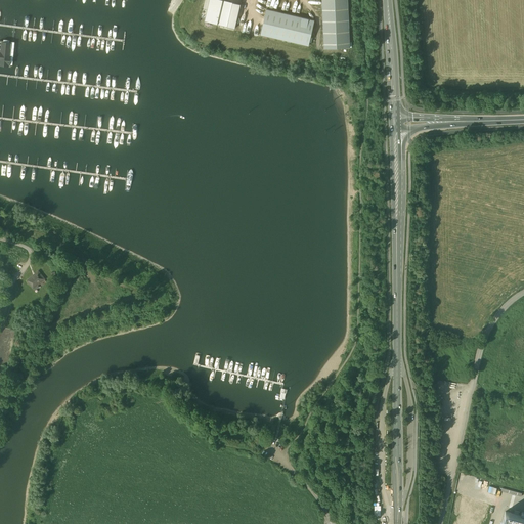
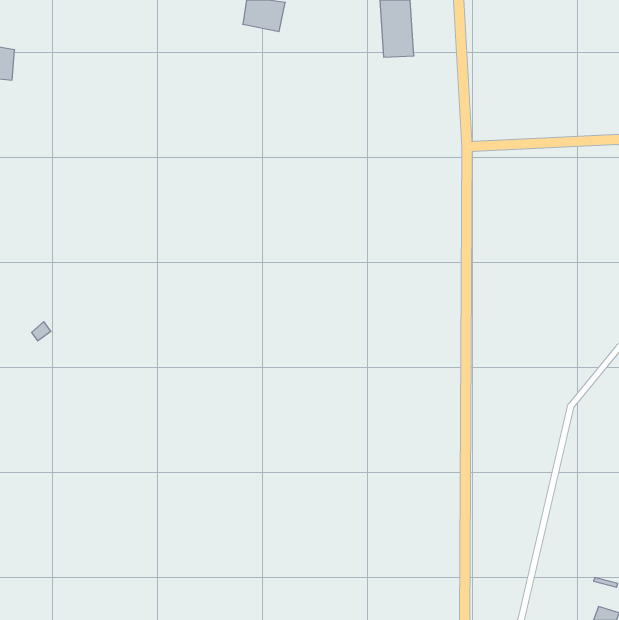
building: [260,9,313,45] -> none

